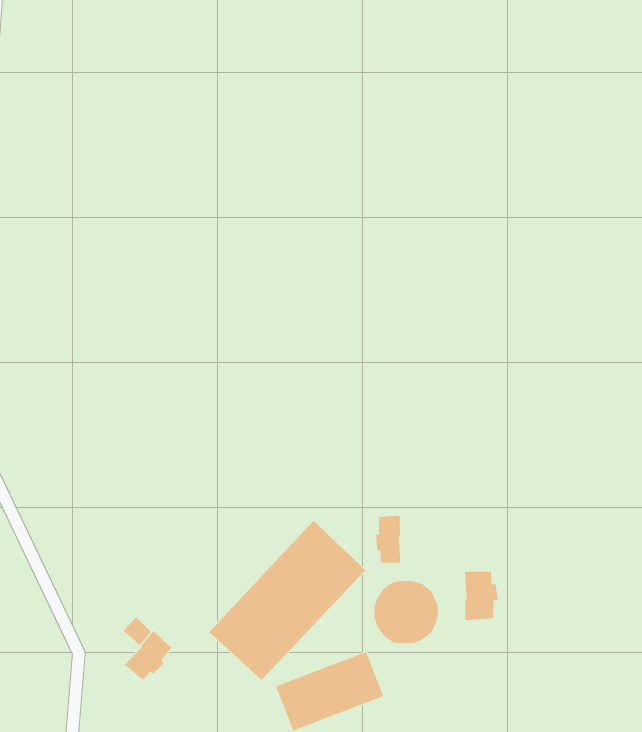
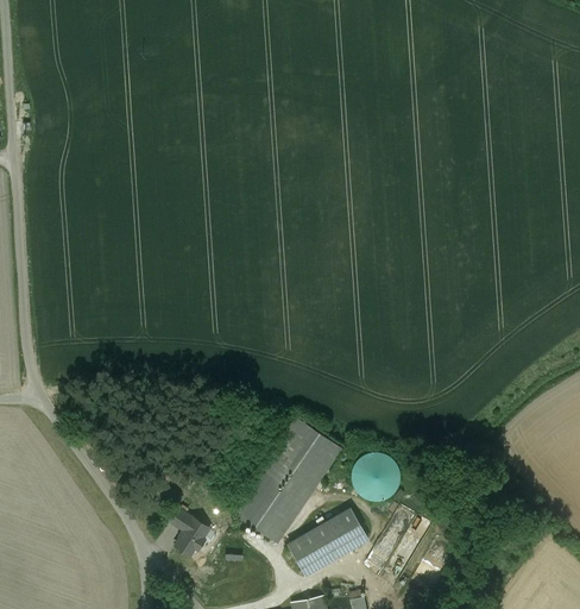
building: [375,515,401,563] -> none
building: [464,571,498,621] -> none

